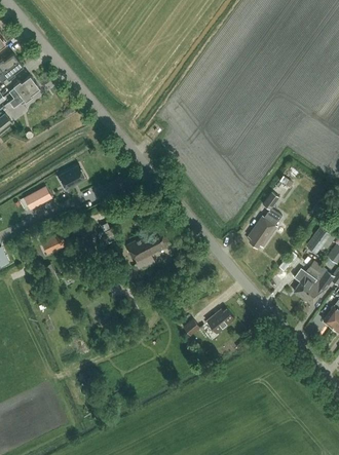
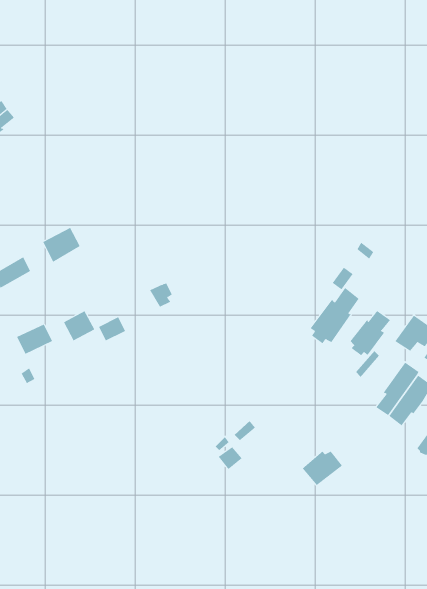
building: none -> [350,310,391,356]
building: [126,227,171,271] -> none
building: [206,309,235,334] -> [302,451,343,486]

